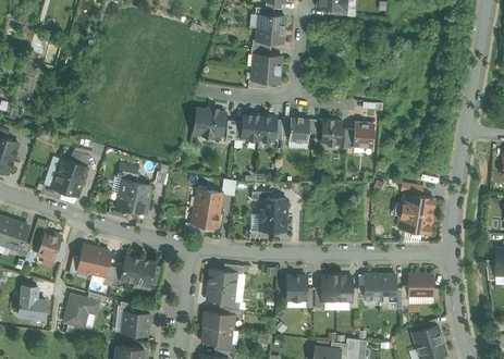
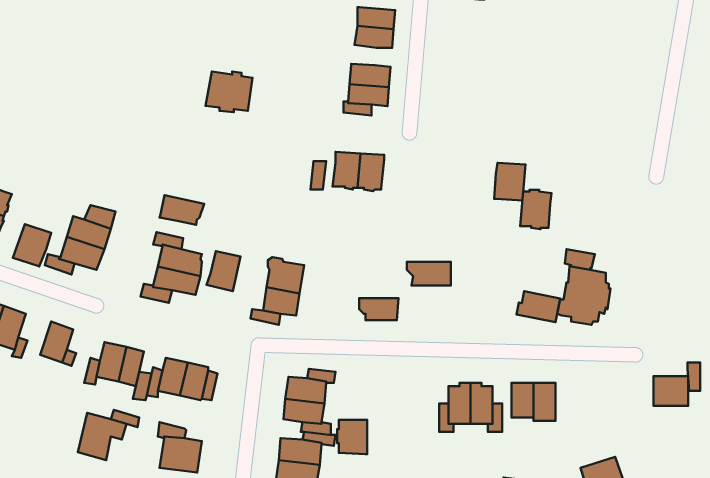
building: [193,109,225,137] -> [205,71,253,112]
building: [288,116,309,144] -> none
building: [320,119,342,146] -> [520,190,552,229]
building: none -> [160,195,204,225]
building: none -> [13,224,51,266]
building: none -> [207,251,241,291]
building: [256,199,286,215] -> [407,262,451,285]
building: none -> [516,291,560,322]
building: [408,274,432,295] -> [653,376,688,406]
building: [285,276,306,300] -> [337,420,367,454]
building: [19,286,47,319] -> none

